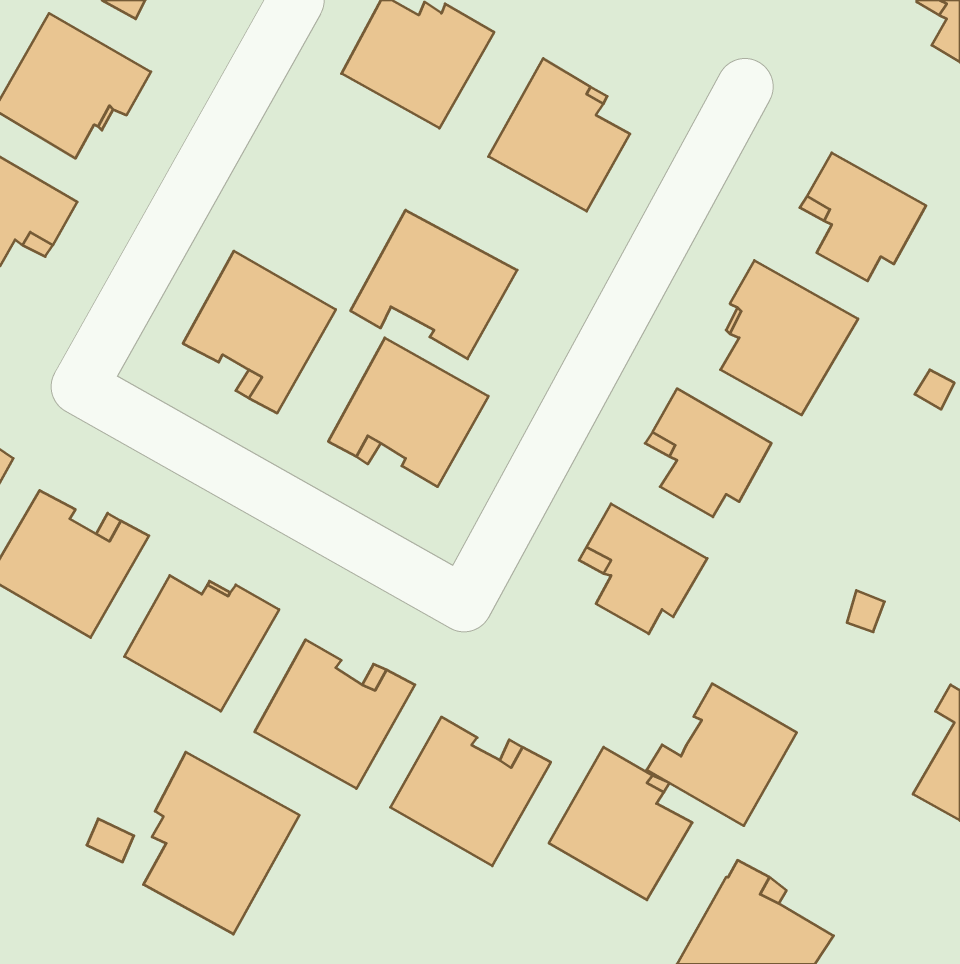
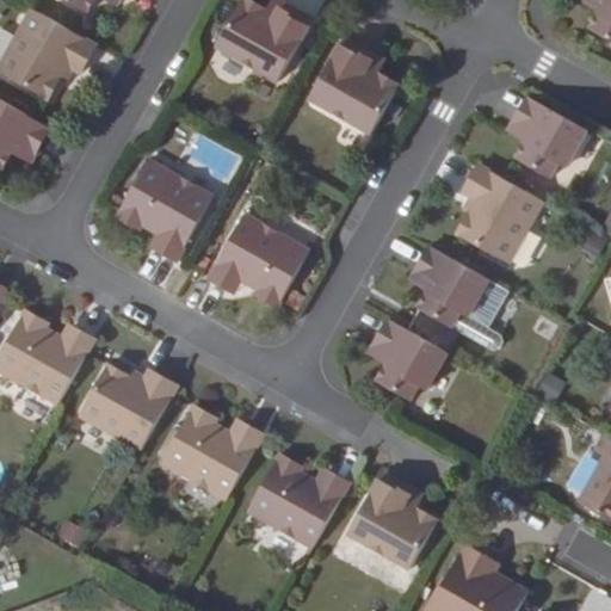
building: [351,210,517,359] -> none
building: none -> [451,280,507,350]
building: [647,684,797,826] -> none
building: [143,752,299,934] -> none

